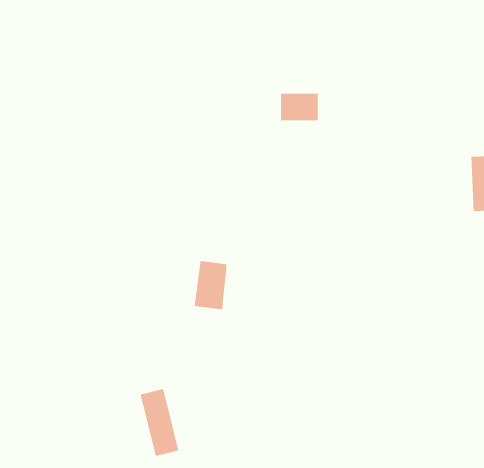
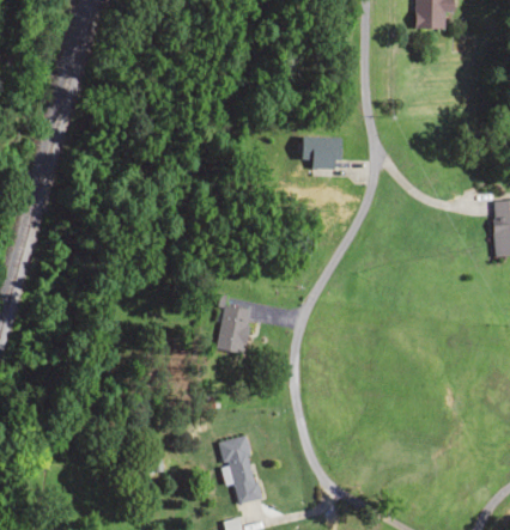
building: [140,388,179,457] -> [221,434,261,502]

